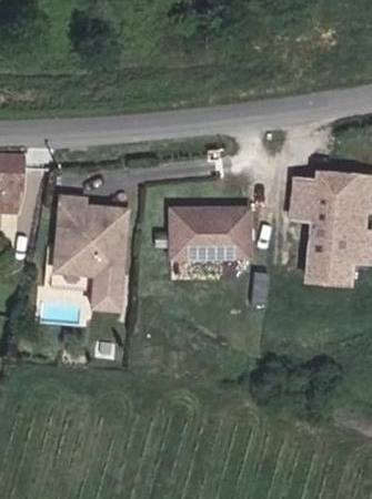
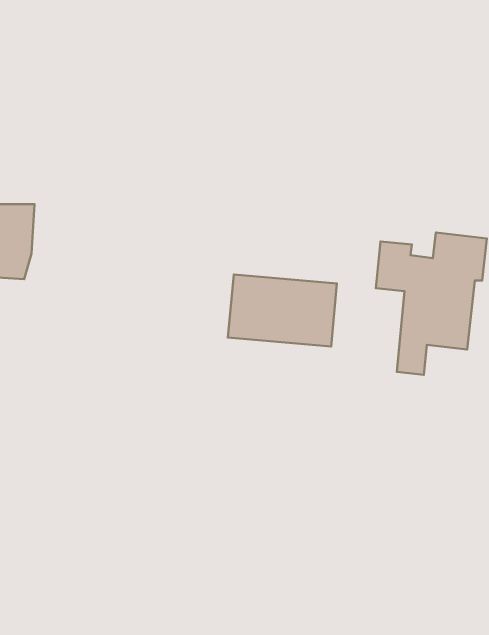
building: [59,195,133,308] -> none

